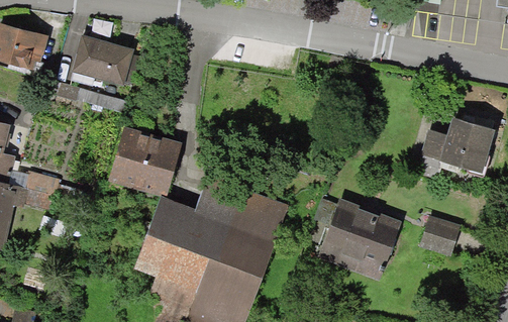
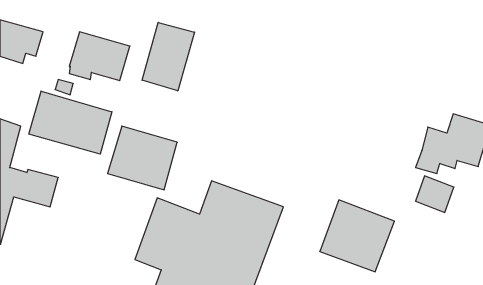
building: none -> [142,22,195,91]
building: none -> [29,91,112,154]
building: [420,218,459,254] -> [416,176,454,212]

